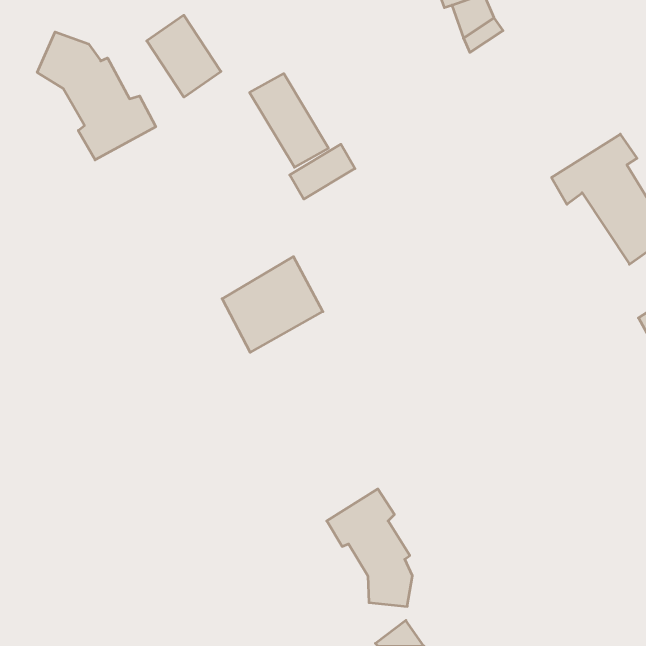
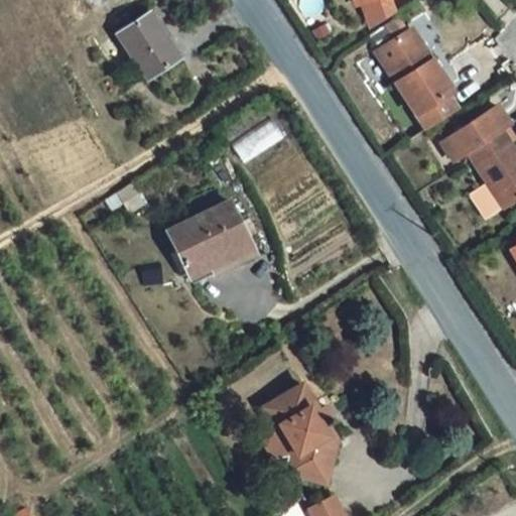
building: [37,32,156,160] -> none
building: none -> [376,31,458,127]
building: [250,74,328,167] -> none

